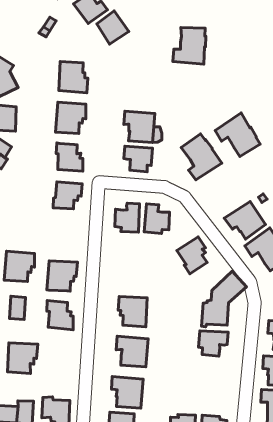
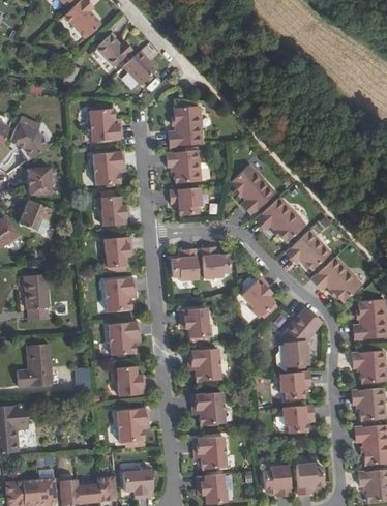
building: [173,28,206,64] -> [170,107,204,147]
building: [215,113,260,157] -> [256,198,305,244]
building: [4,251,35,282] -> [105,278,137,311]
building: none -> [181,307,213,337]
building: [7,343,38,373] -> [116,407,148,441]
building: none -> [281,405,314,434]

